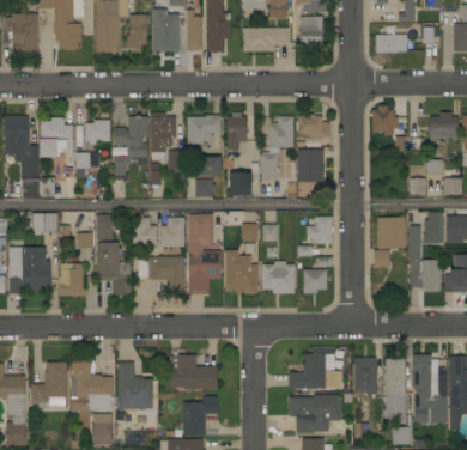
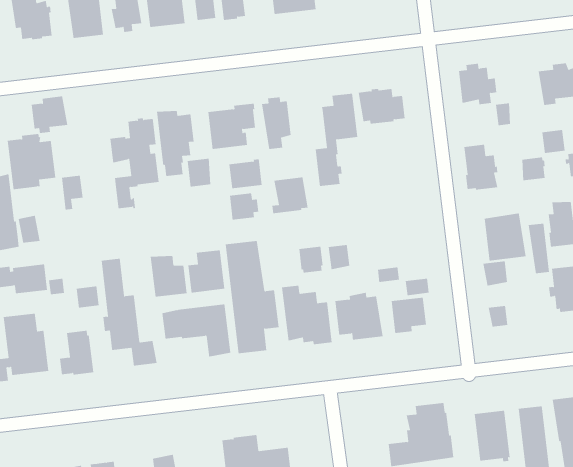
building: [85,120,110,145] -> [31,96,68,134]
building: [299,150,323,182] -> [464,144,498,190]
building: [307,217,334,243] -> none

